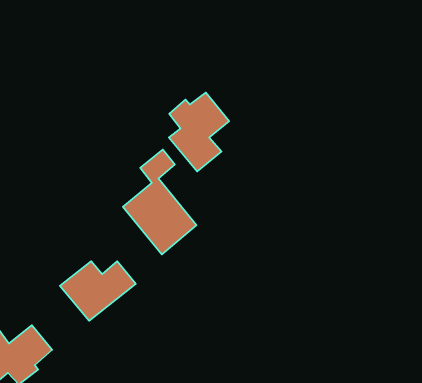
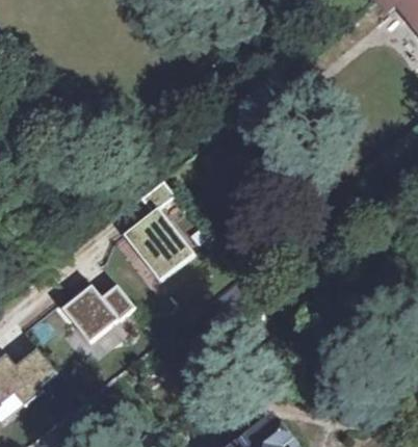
building: [169,92,229,171] -> none

